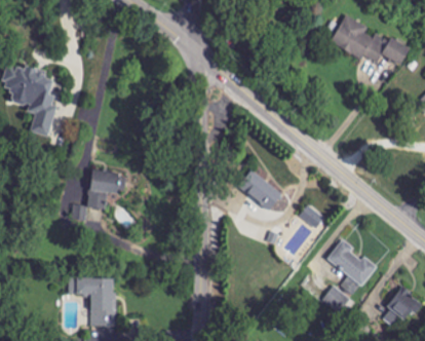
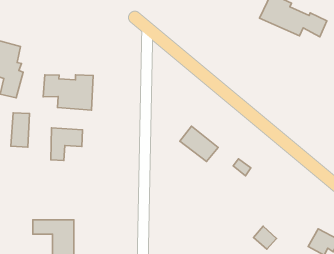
building: none -> [43,75,93,110]
building: none -> [11,113,30,147]
building: [326,239,377,287] -> none

